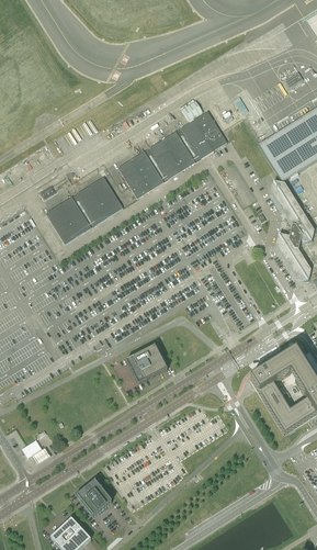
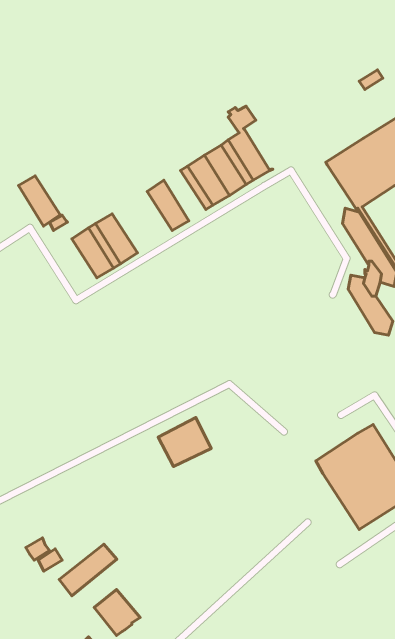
building: [195,110,228,149] -> none
building: [132,149,165,189] -> none
building: [91,175,124,214] -> none
building: [46,203,79,243] -> [18,176,60,226]
building: none -> [59,544,117,596]

